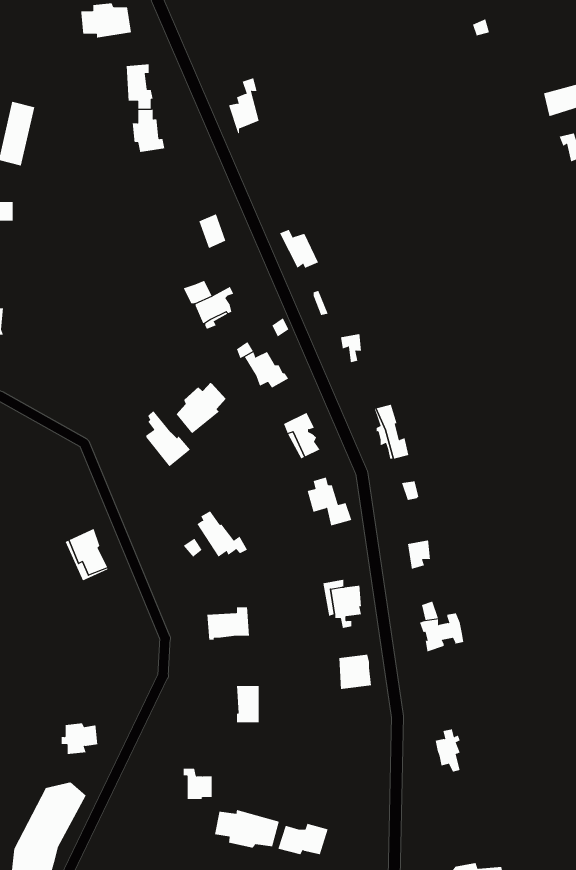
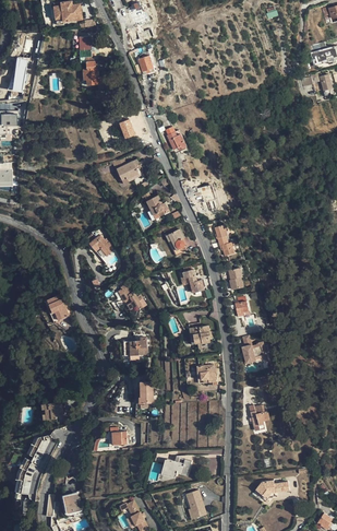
building: [176,382,226,434] -> none
building: [215,809,279,849] -> none

